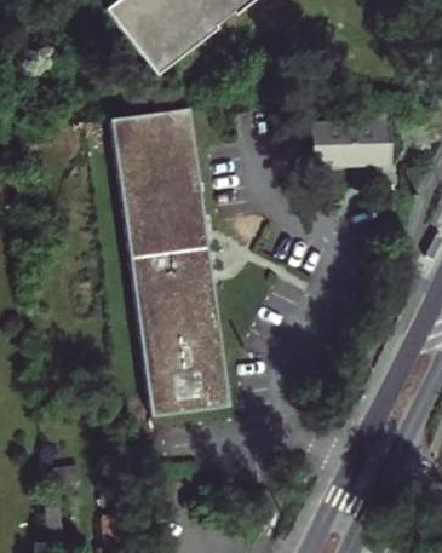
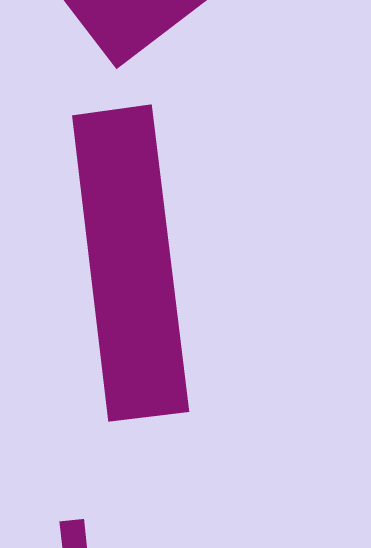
building: [318,120,396,169] -> none

